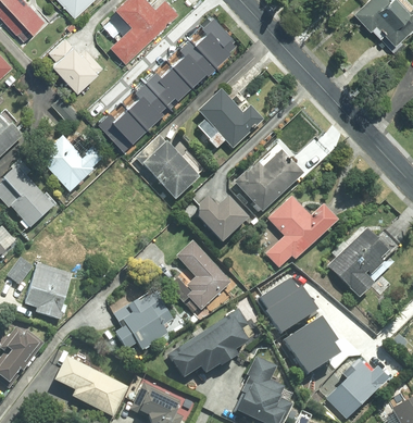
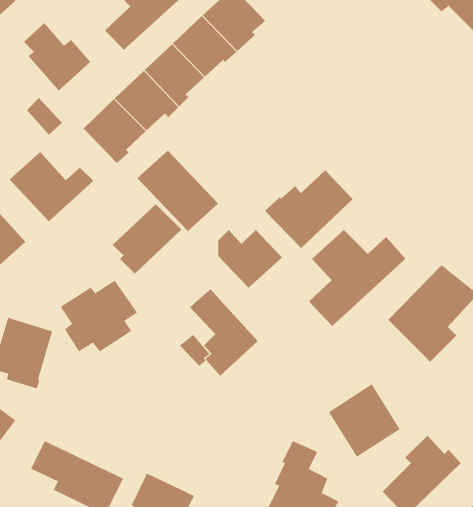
building: [198,90,262,148] -> none
building: none -> [112,204,182,274]
building: [258,277,312,331] -> none
building: [112,295,172,350] -> [60,280,138,352]
building: [168,310,248,378] -> none

